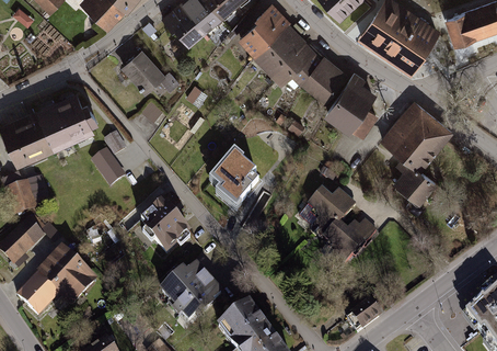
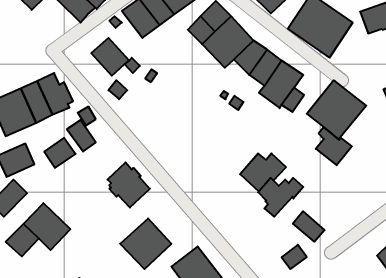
building: [209,150,261,210] -> none
building: none -> [44,138,76,168]
building: none -> [293,211,325,242]

